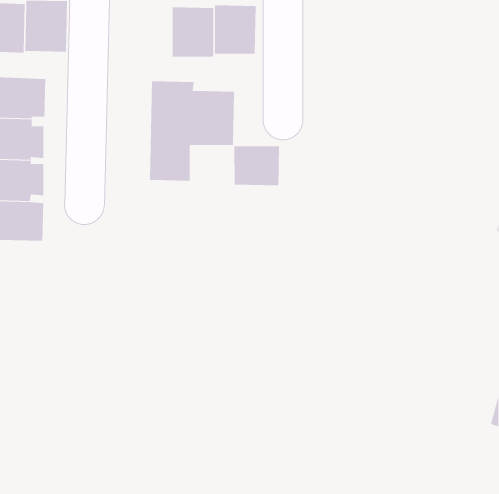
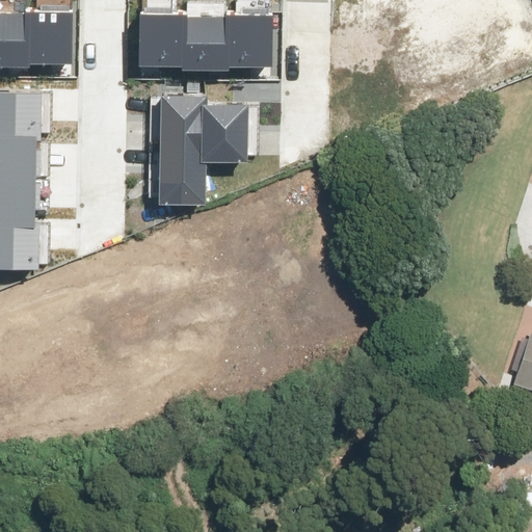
building: none -> [137,14,182,65]
building: [234,146,280,186] -> none

